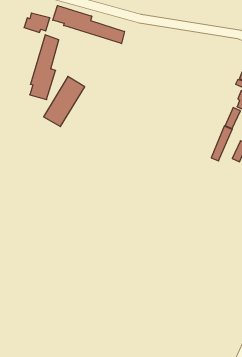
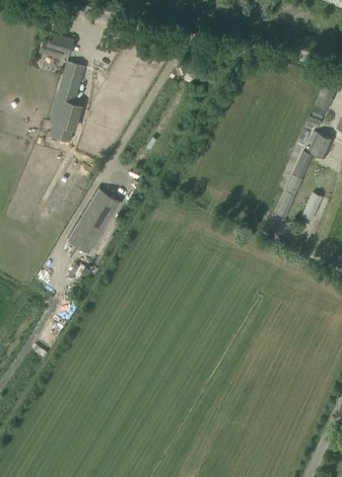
building: [53,6,124,44] -> none
building: [44,76,85,127] -> [68,189,120,252]

